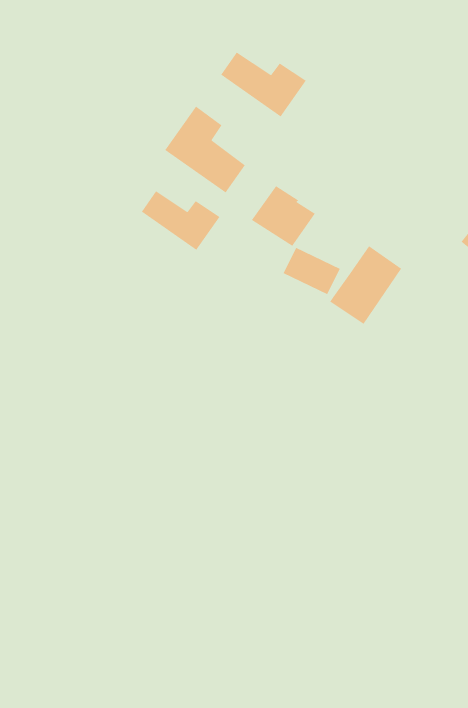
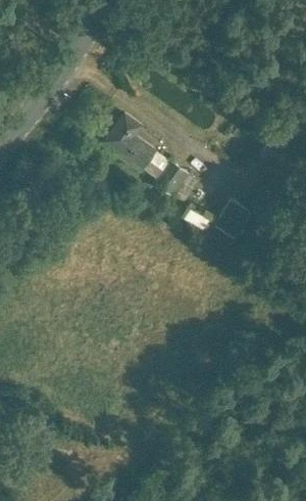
building: [220,51,307,118] -> none
building: [141,190,220,251] -> none

